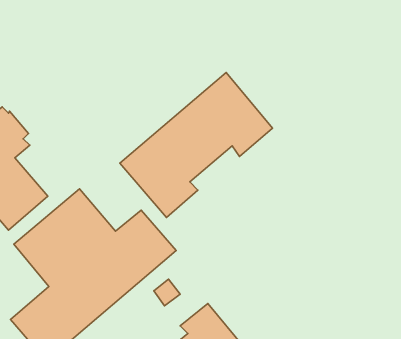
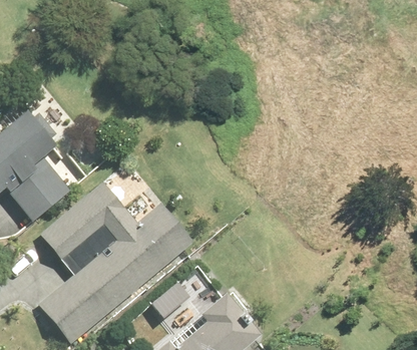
building: [120,72,273,218] -> none

